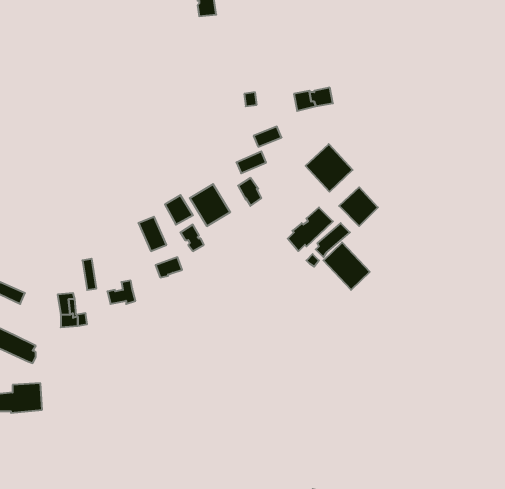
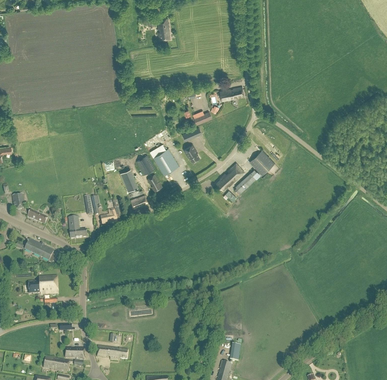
building: [306,144,353,192] -> none
building: [323,242,370,290] -> none

